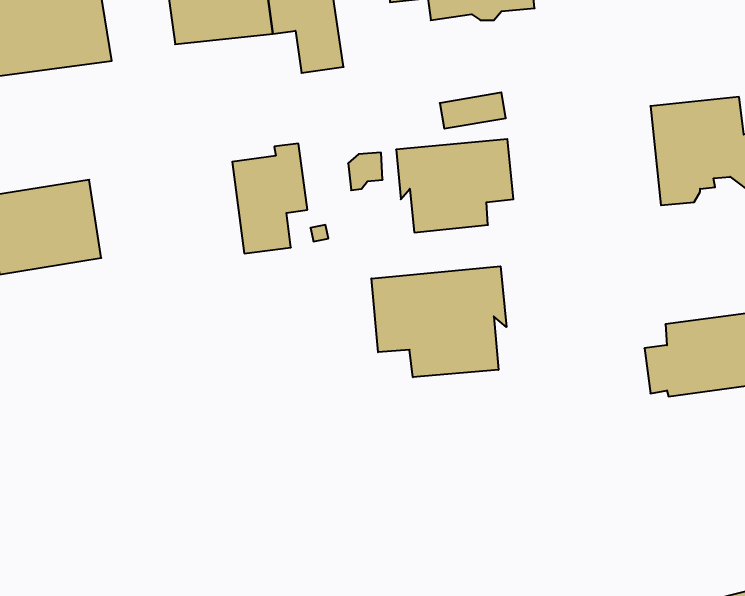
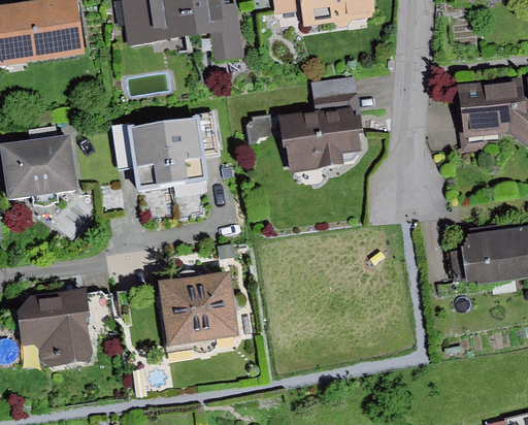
building: none -> [112,123,175,191]
building: [371,266,506,377] -> none
building: none -> [158,271,238,347]
building: none -> [16,287,94,367]

